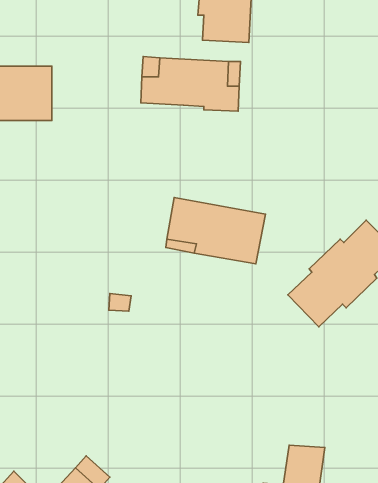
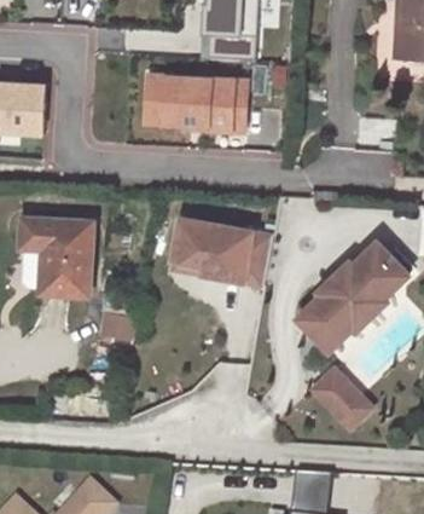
building: none -> [22,215,95,296]
building: none -> [312,368,371,428]

